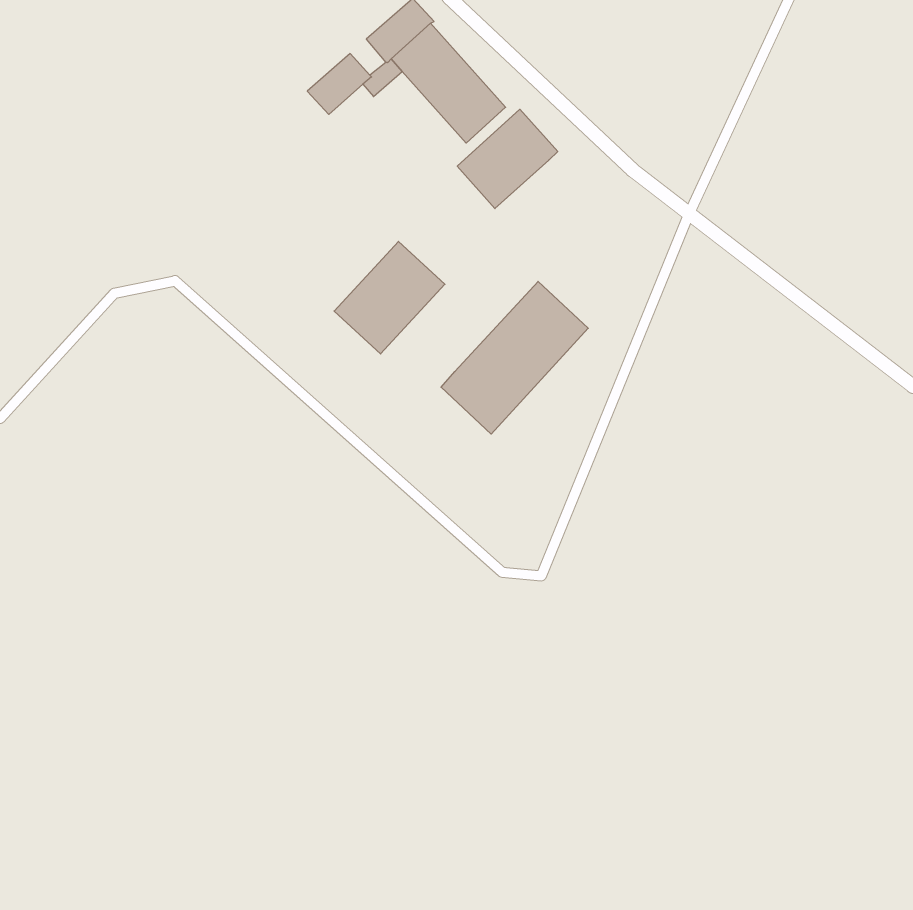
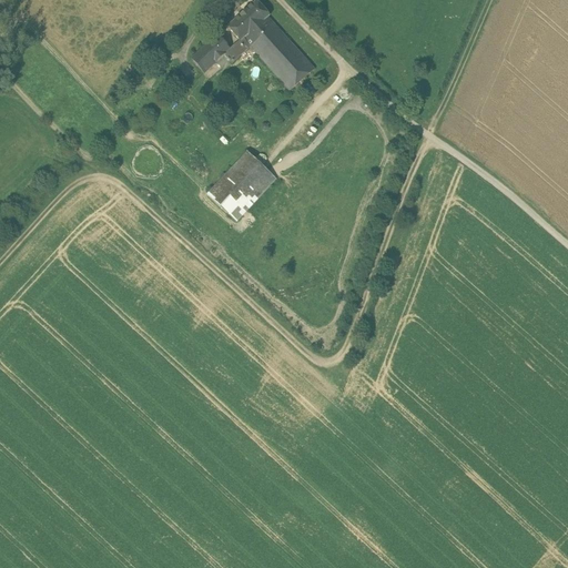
building: [457,109,558,209] -> none
building: [441,281,588,434] -> none

